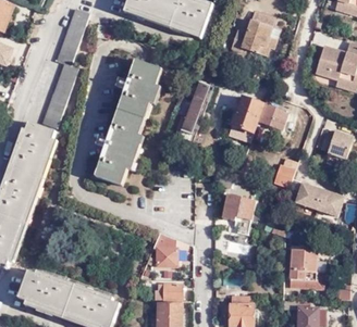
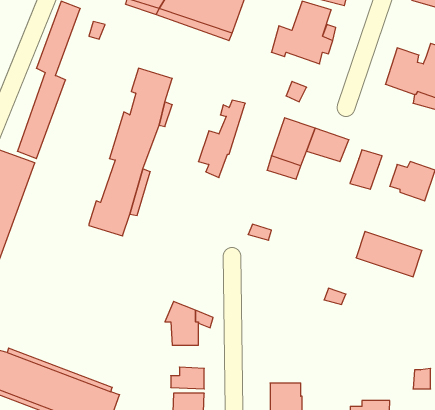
building: [273,159,297,188] -> [350,150,382,189]
building: [221,196,254,218] -> none
building: [290,249,324,289] -> none

